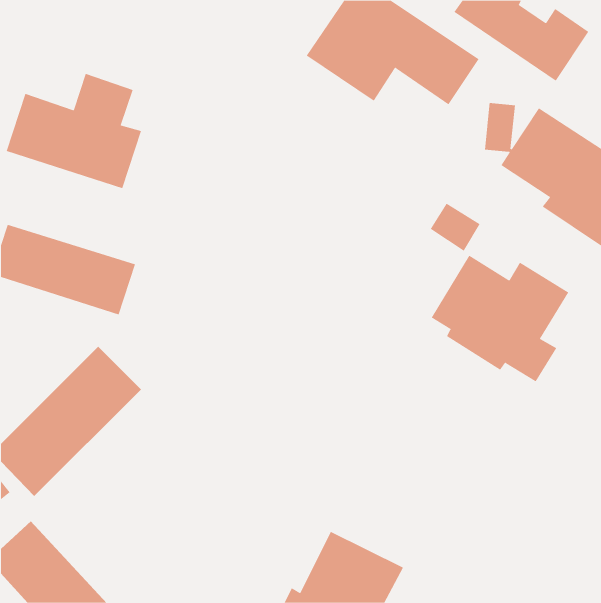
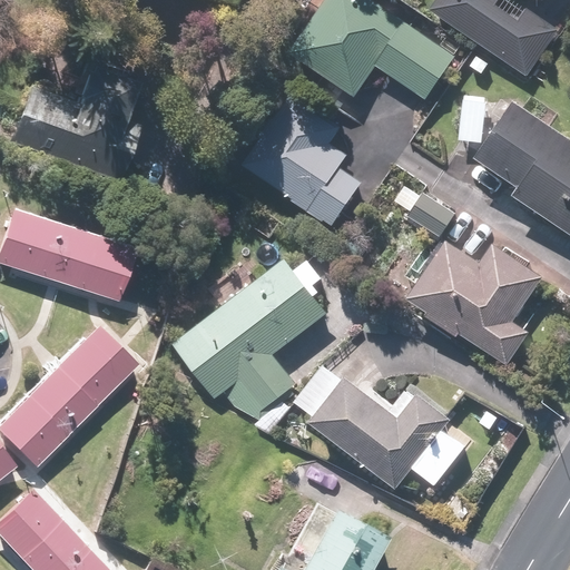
building: none -> [240,92,362,225]
building: none -> [174,258,327,415]
building: none -> [294,365,465,485]

